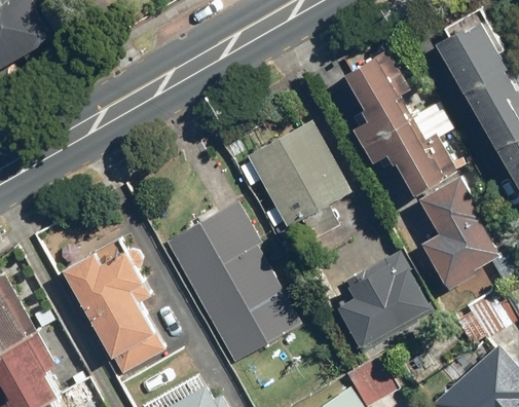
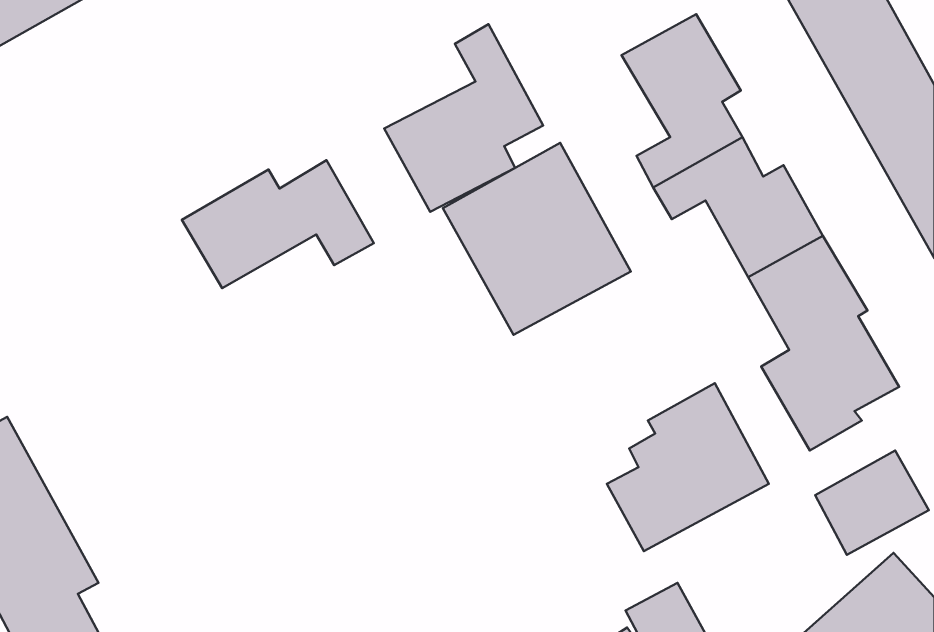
building: none -> [384,24,543,212]
building: none -> [182,160,374,288]
building: [164,202,301,364] -> none
building: [64,251,163,373] -> none

